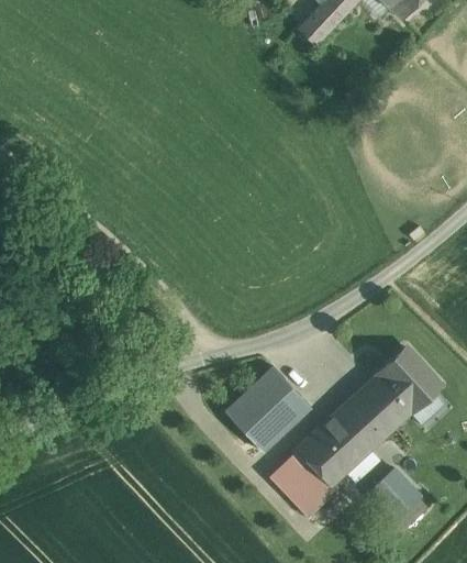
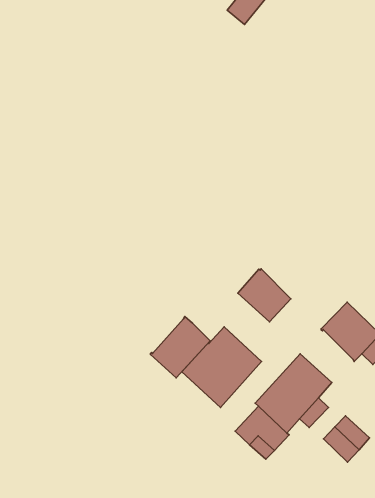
building: none -> [150,317,210,378]
building: [352,375,408,432] -> [238,269,291,322]

